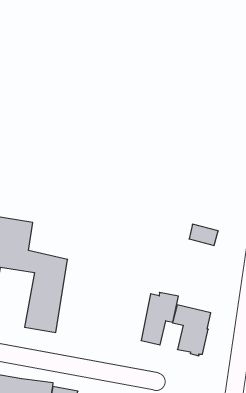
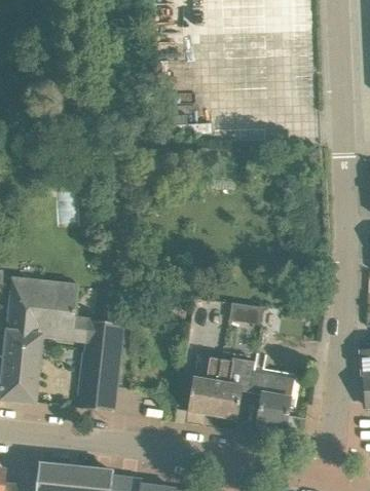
building: [189,224,218,246] -> [230,300,264,324]
building: none -> [187,356,221,414]

